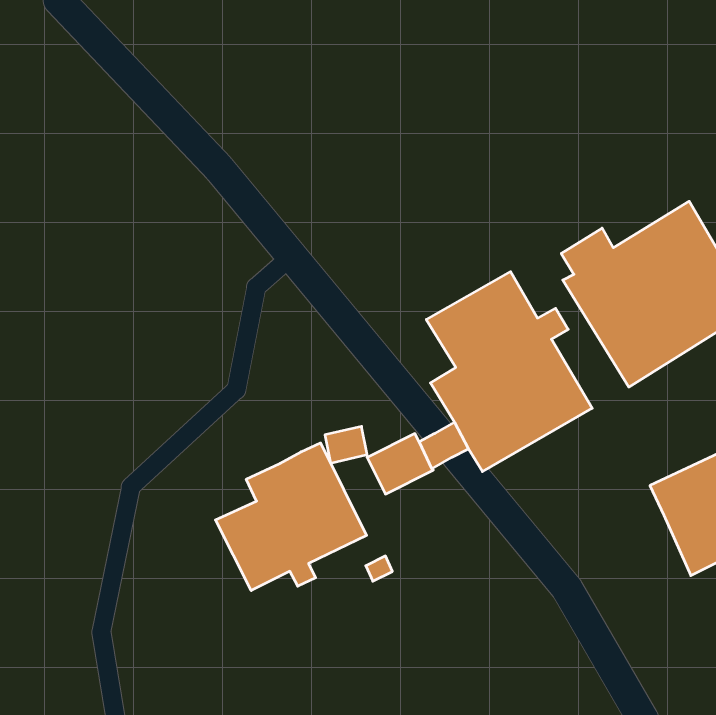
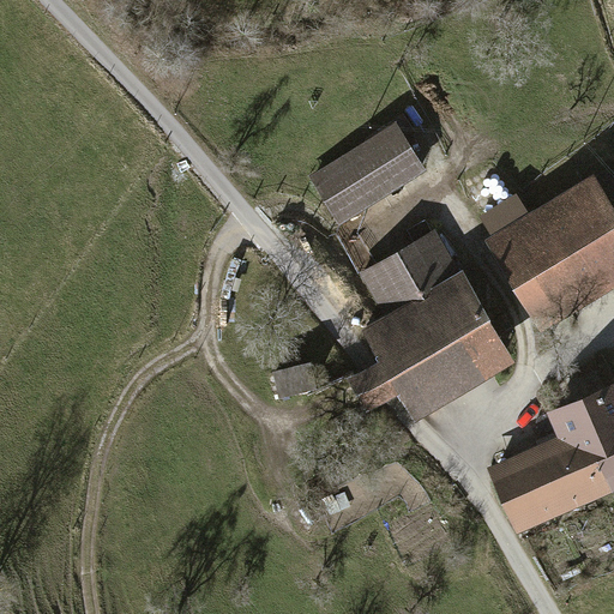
building: none -> [311,126,420,223]
building: [215,443,367,591] -> none
building: none -> [496,443,591,525]

